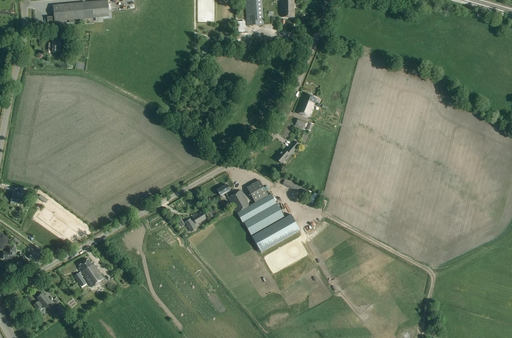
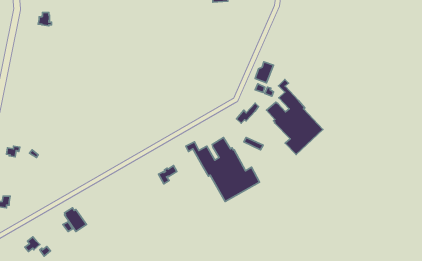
building: none -> [267,79,323,154]

